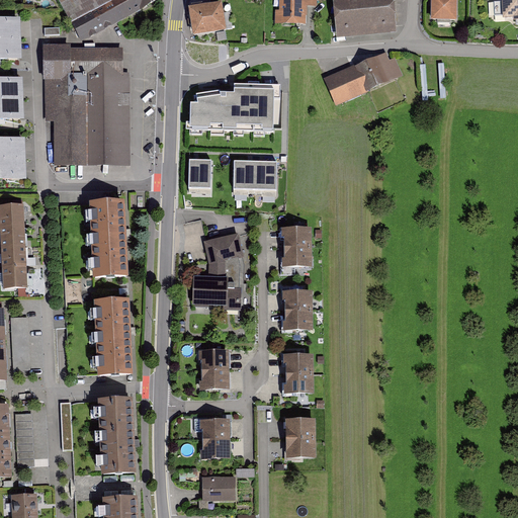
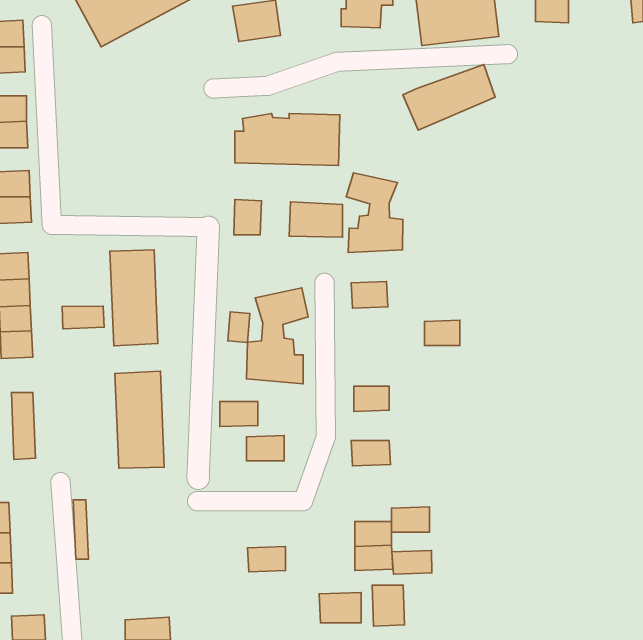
building: [45,44,134,164] -> none
building: none -> [346,173,403,252]
building: none -> [62,306,104,329]
building: [282,246,311,266] -> [424,320,460,345]
building: none -> [228,312,250,343]
building: [282,289,312,310] -> none
building: [197,369,228,390] -> [220,401,258,427]
building: [282,372,313,393] -> [392,507,430,532]
building: [96,397,135,474] -> none
building: [13,411,32,464] -> none
building: [198,419,229,439] -> none
building: none -> [392,551,432,574]
building: none -> [372,585,405,626]
building: [200,474,234,499] -> [319,592,361,623]

